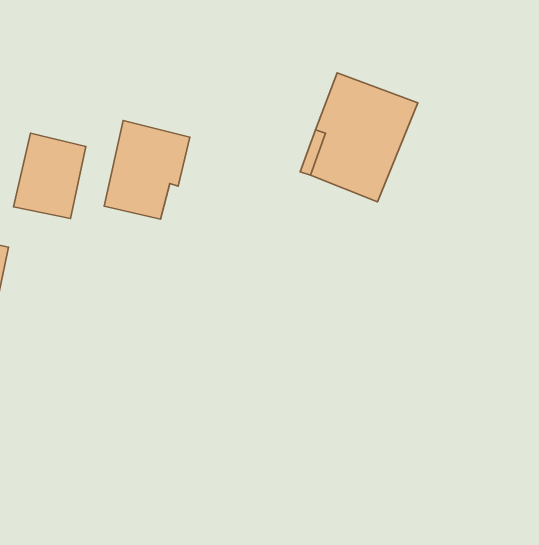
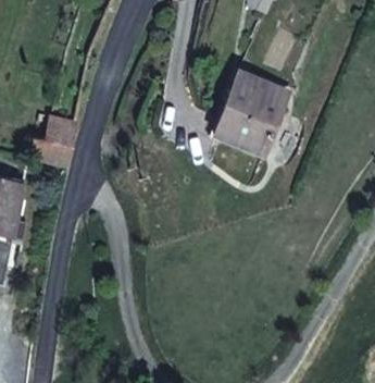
building: [104,121,190,219] -> none

